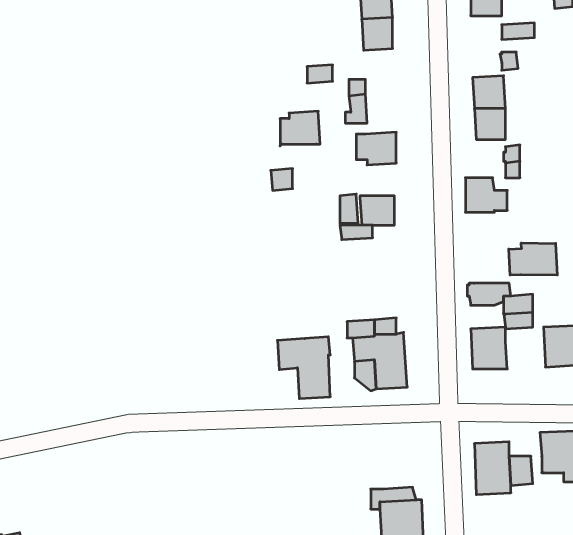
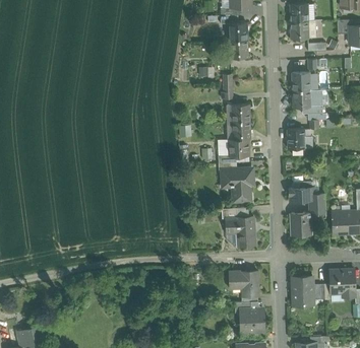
building: [280,111,320,146] -> [228,121,250,140]
building: [509,243,557,275] -> none
building: [277,337,330,399] -> [222,167,251,202]
building: none -> [230,271,259,296]

